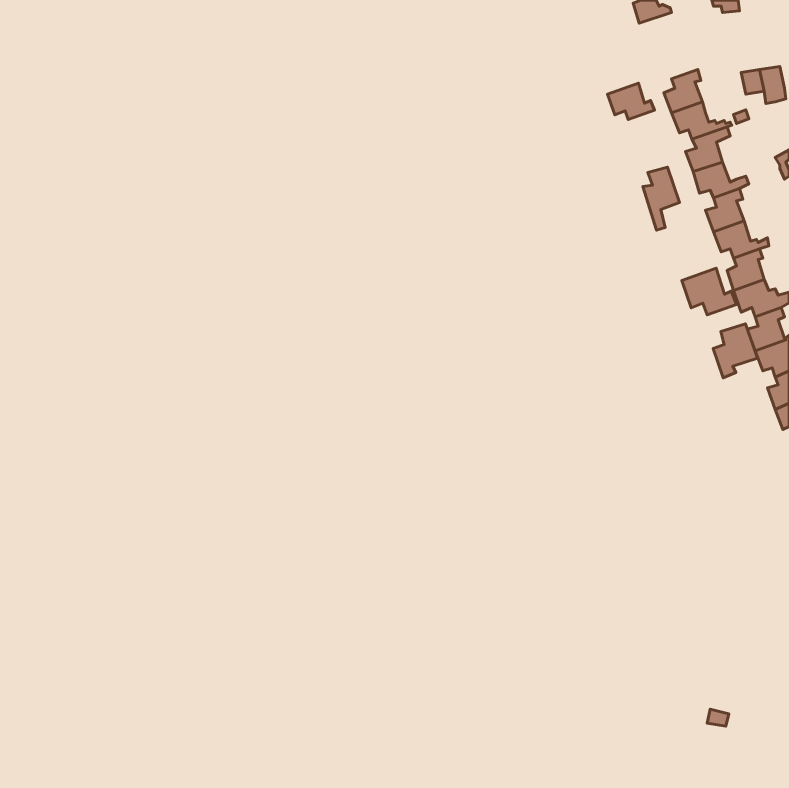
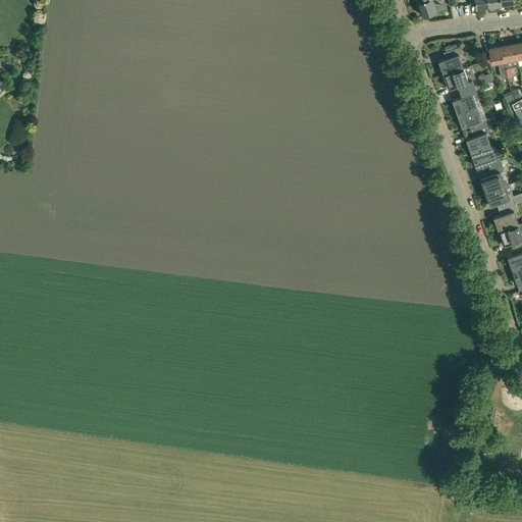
building: [608,83,655,119] -> none
building: [643,167,679,230] -> none
building: [682,268,736,315] -> none
building: [713,324,757,378] -> none

